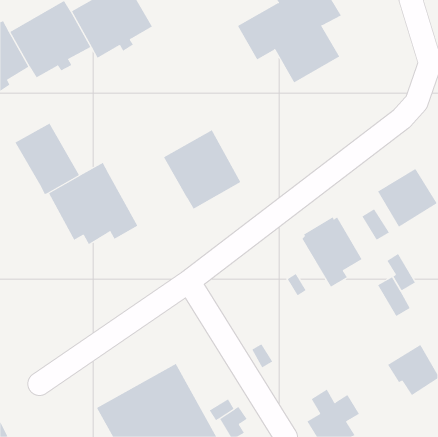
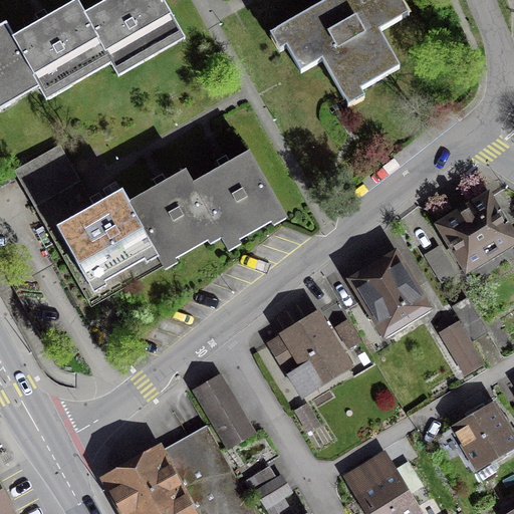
building: none -> [127,171,218,264]
building: none -> [267,312,347,394]
building: none -> [195,374,250,444]

